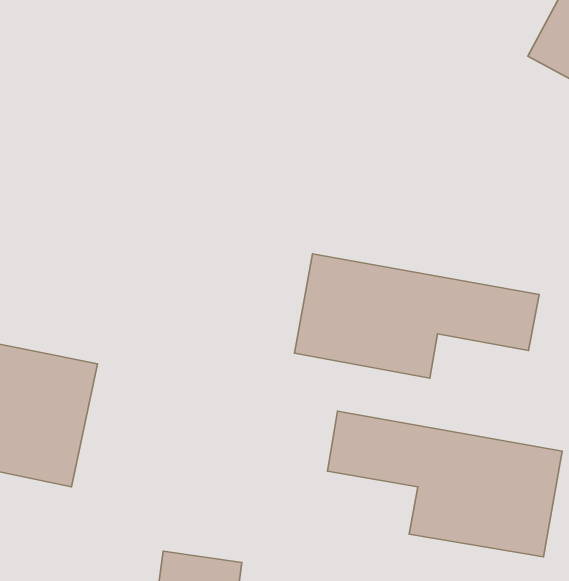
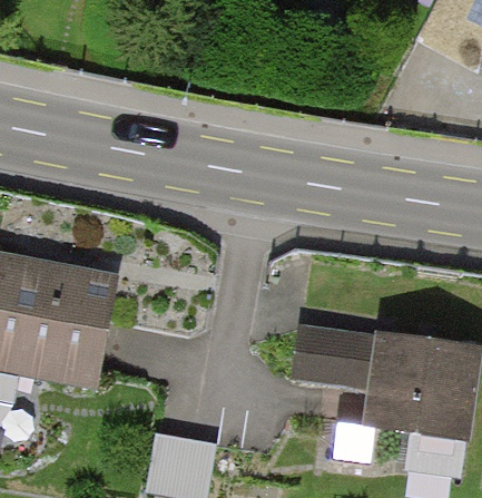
building: [295,254,539,378] -> none

